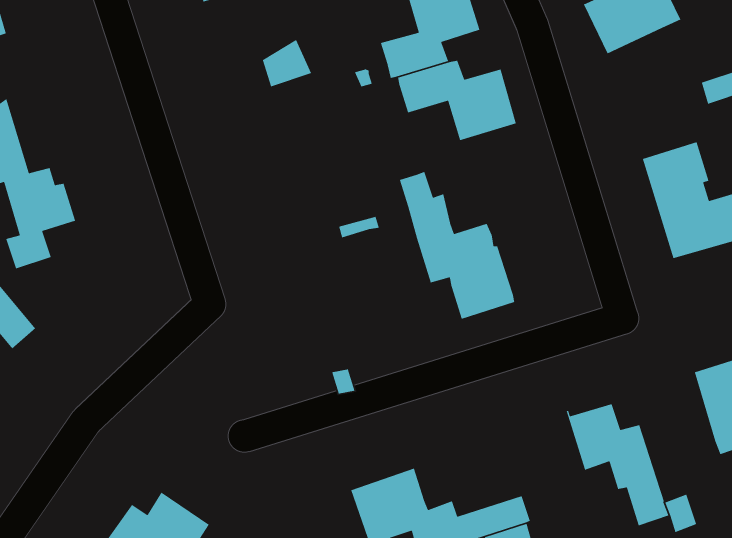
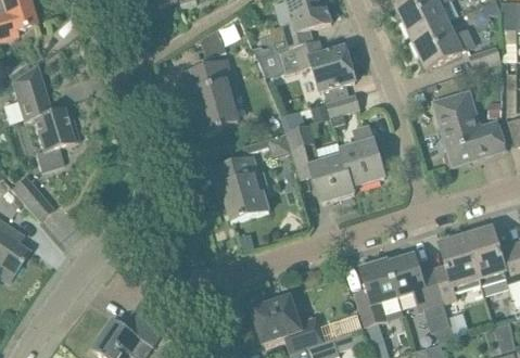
building: none -> [411,21,472,68]
building: none -> [183,60,240,136]
building: none -> [326,93,359,125]
building: none -> [340,125,385,187]
building: none -> [212,155,269,221]
building: none -> [432,235,479,302]
building: none -> [354,259,403,325]

